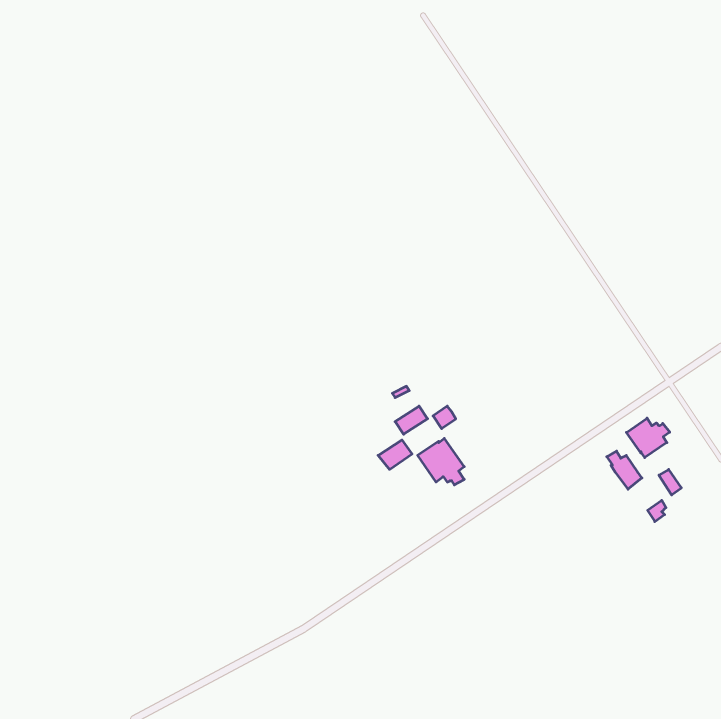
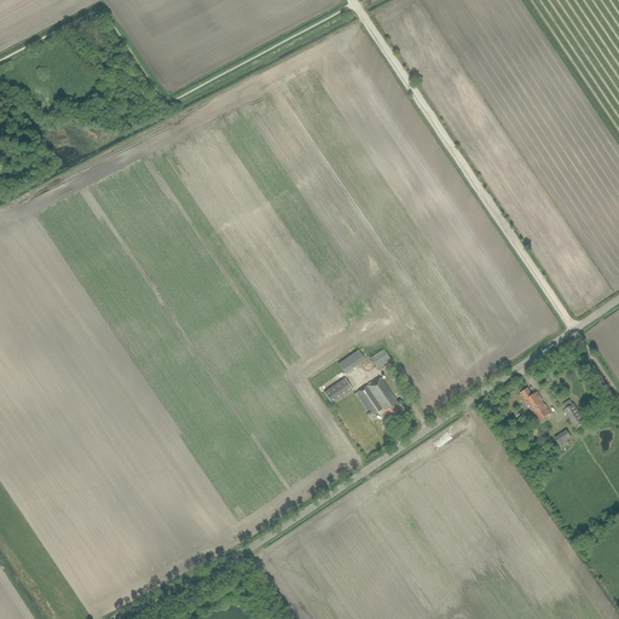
building: [626,418,670,458] -> none

